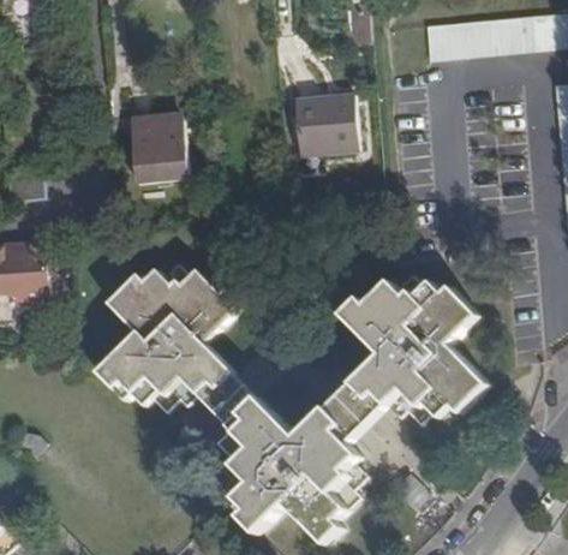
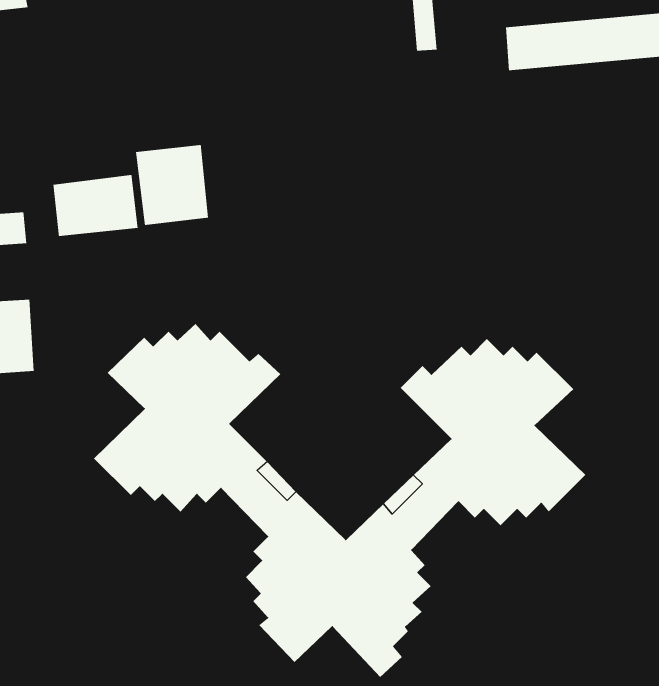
building: [292,94,355,156] -> none
building: none -> [53,174,138,237]

